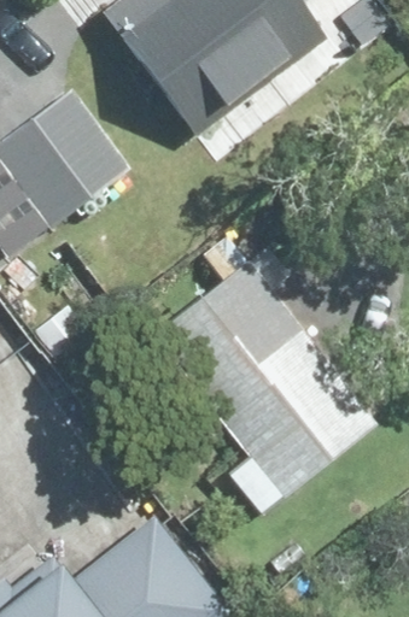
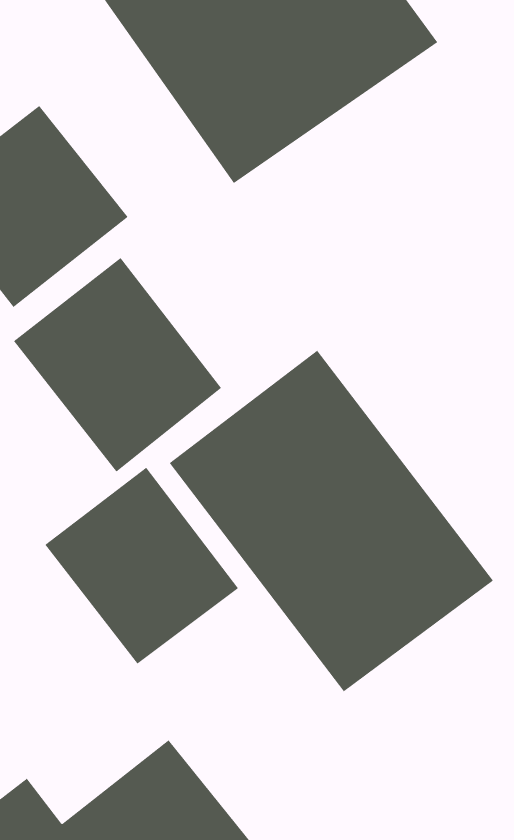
building: none -> [13,257,222,472]
building: none -> [44,467,239,665]

